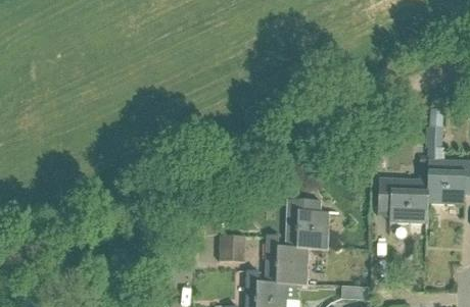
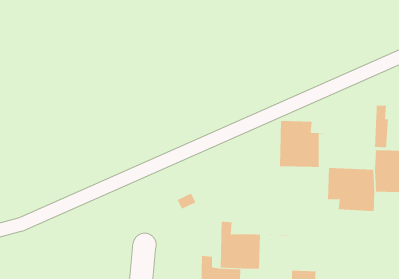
building: [285,199,337,248] -> [279,121,329,168]
building: [219,235,245,261] -> none

